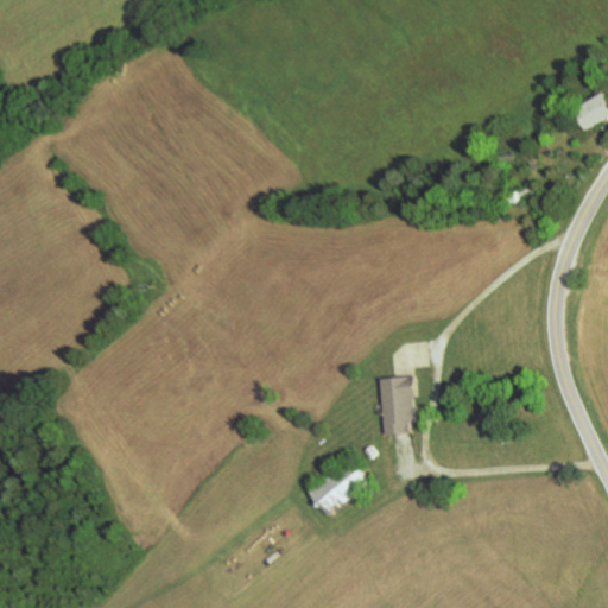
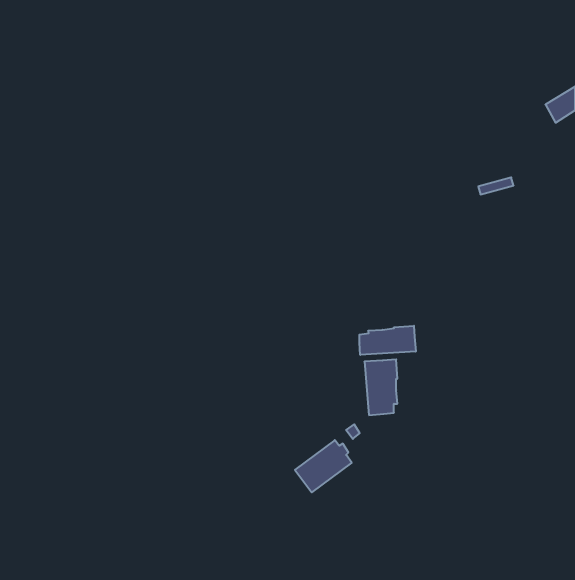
building: none -> [359,326,416,355]

